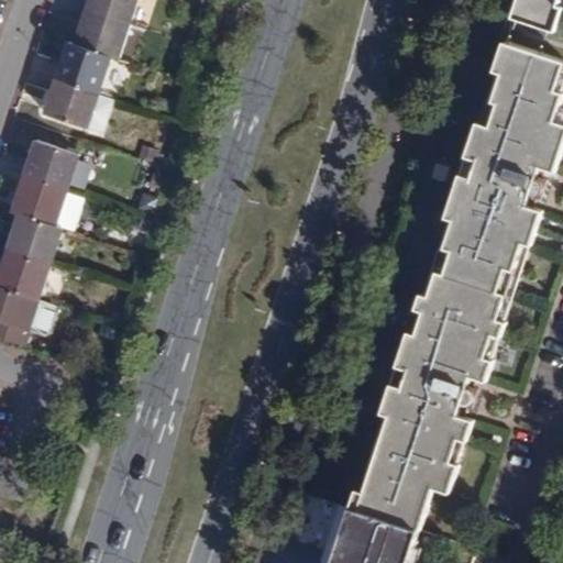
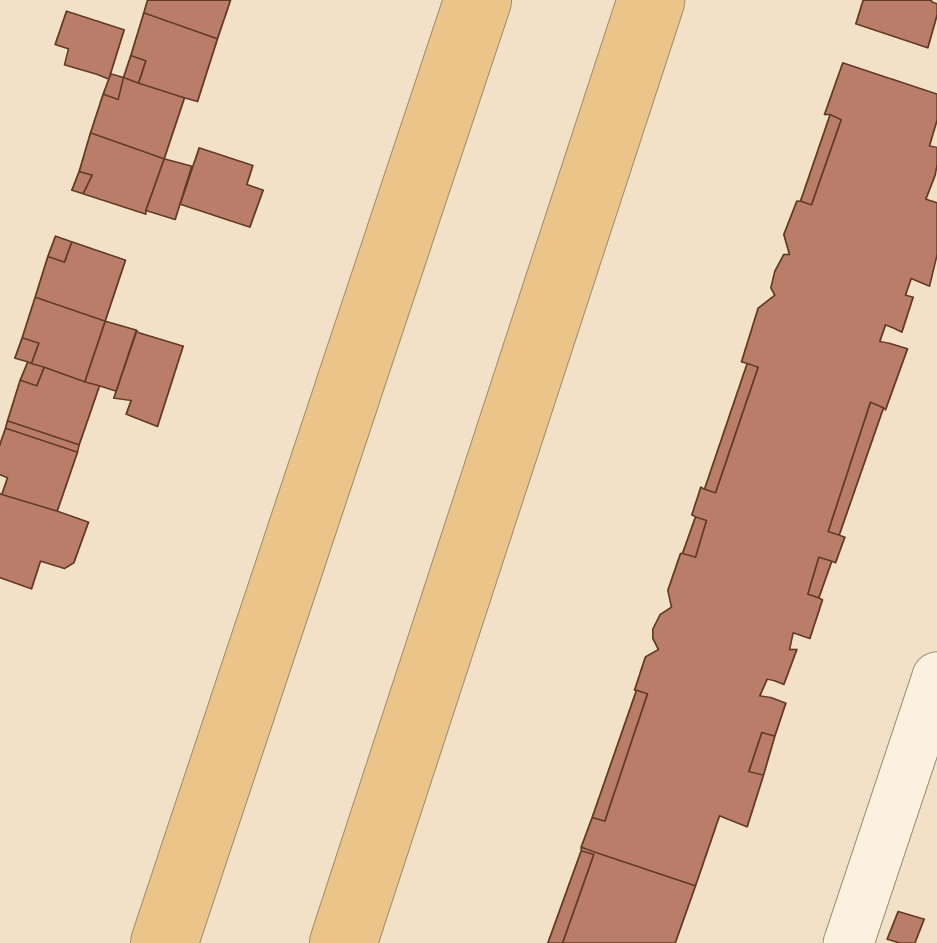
building: none -> [55,11,124,79]
building: none -> [180,148,263,227]
building: none -> [114,331,183,426]

